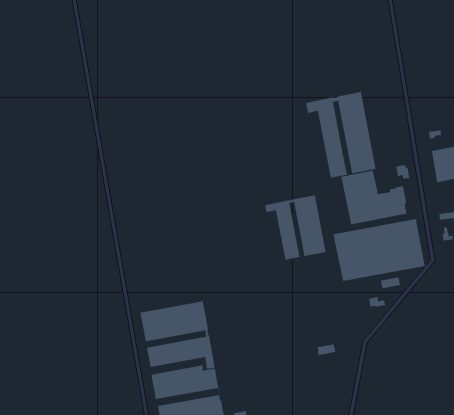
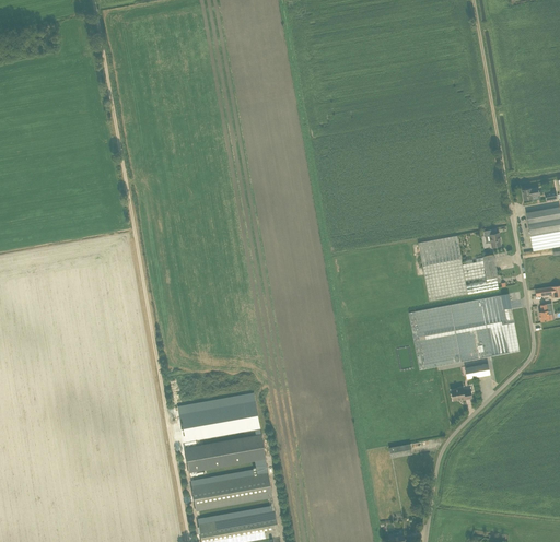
building: [306,91,376,178] -> none
building: [265,194,326,261] -> none

